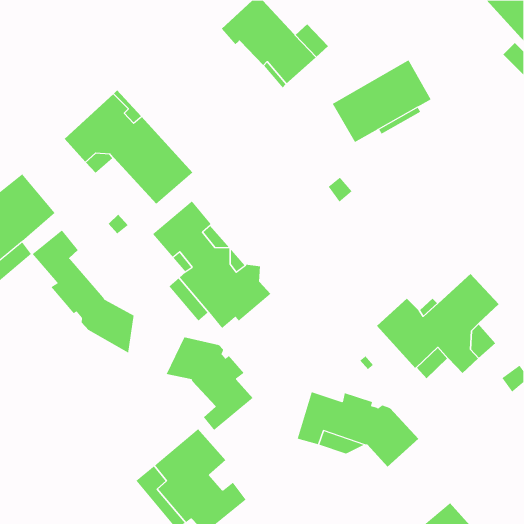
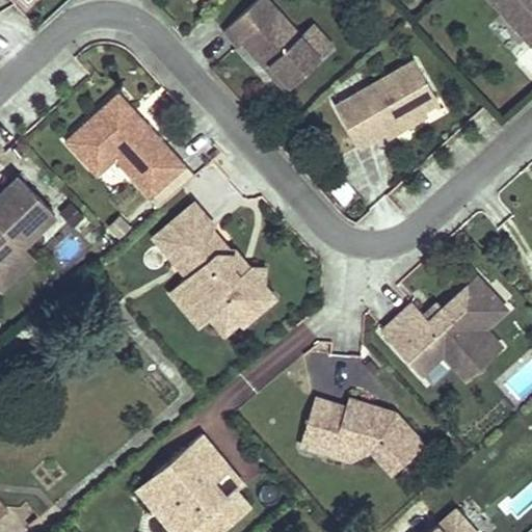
building: [32,230,134,353] -> none
building: [166,337,253,431] -> none

